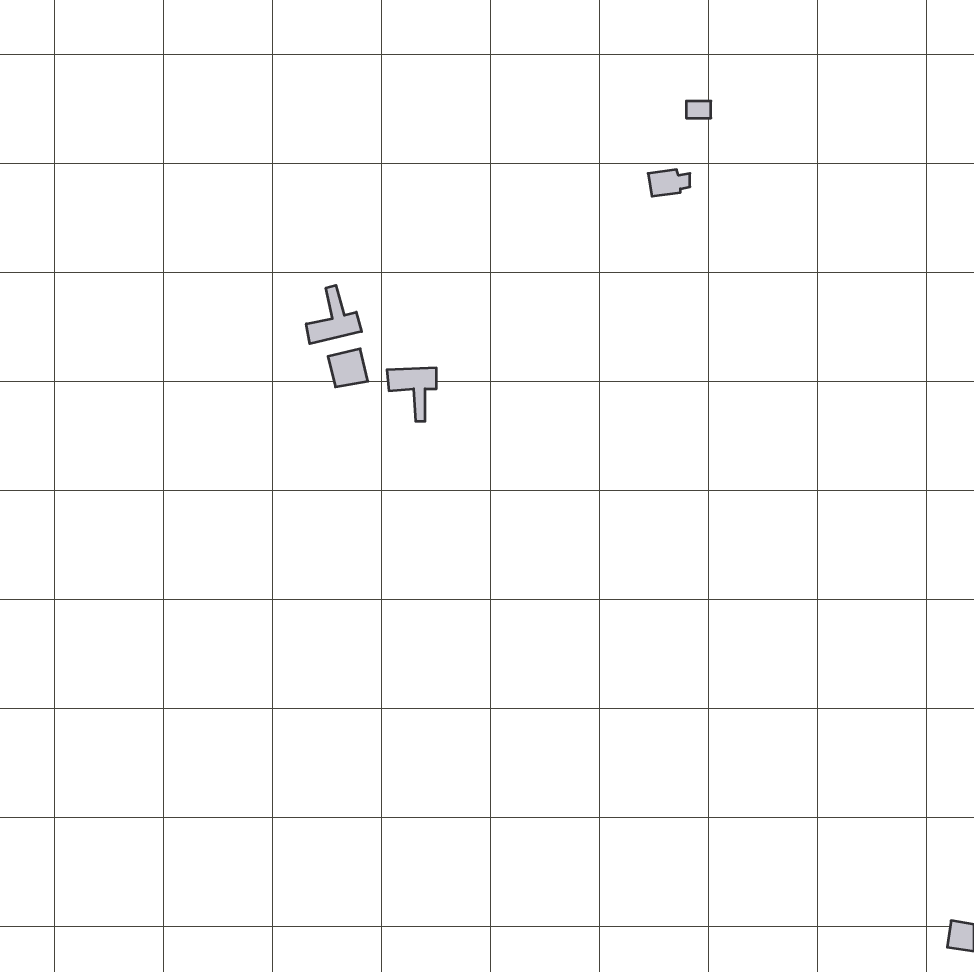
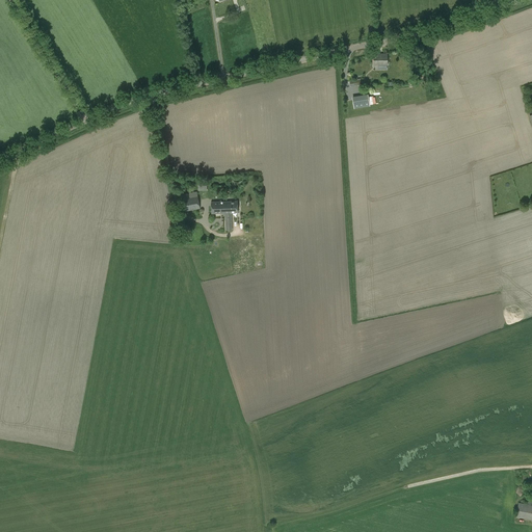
building: [306,285,362,344] -> none

